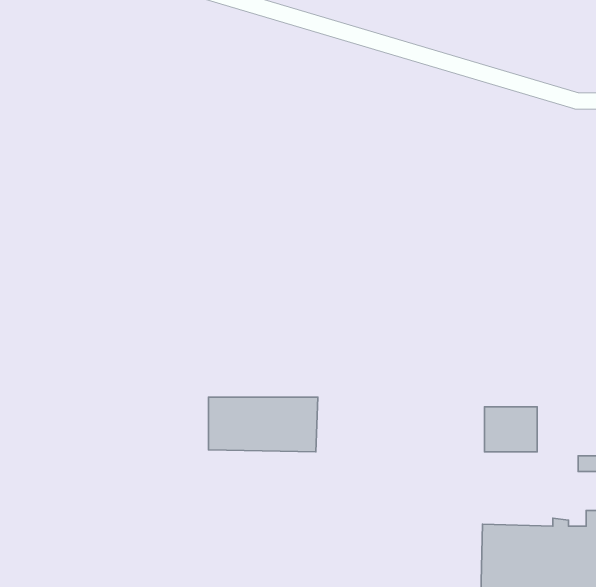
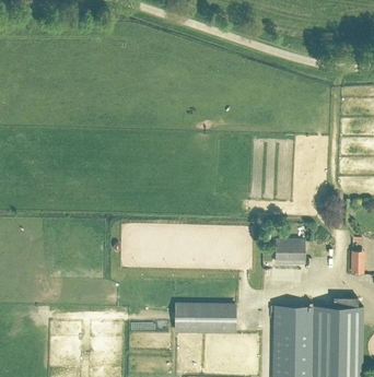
building: [208,397,318,452] -> [175,303,236,333]

